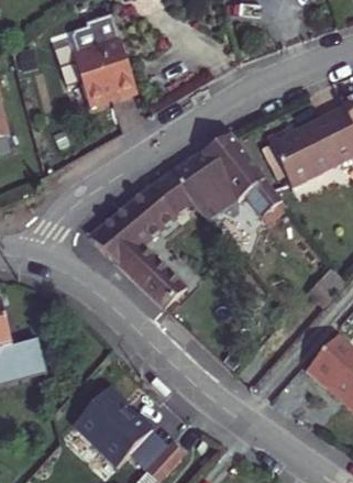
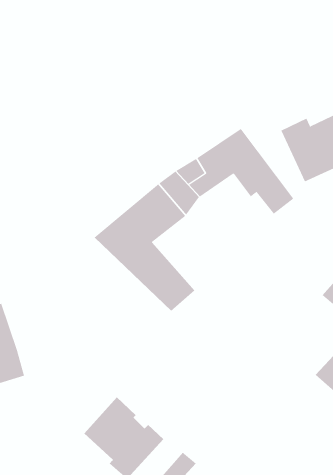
building: [49,18,131,109] -> none
building: [192,176,241,220] -> none

